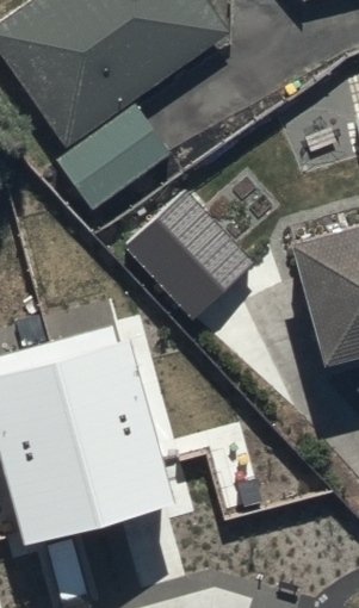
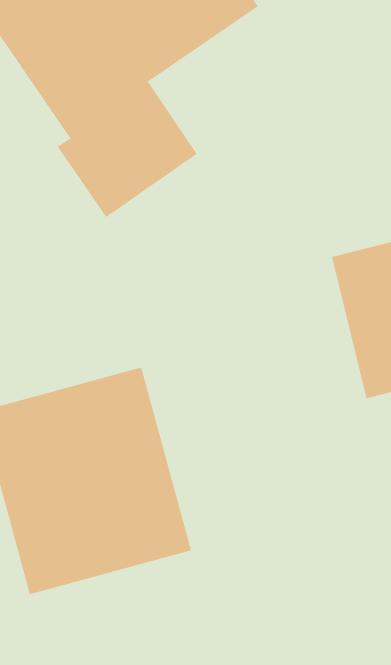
building: [124,186,253,315] -> none

